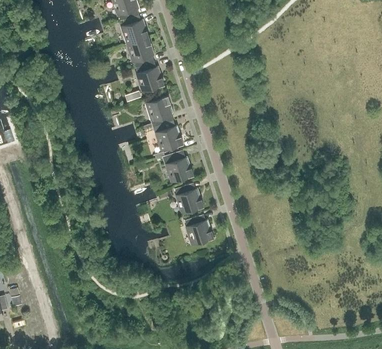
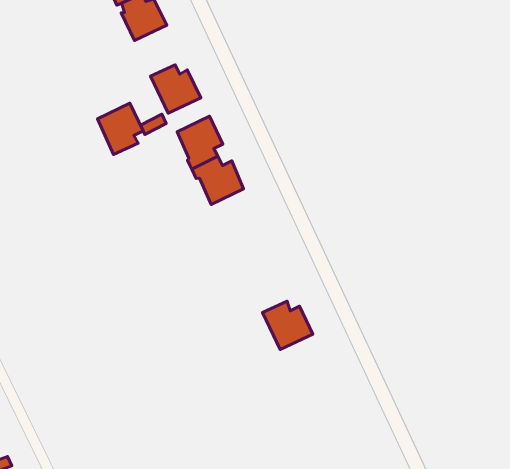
building: [127,37,154,67] -> [97,103,143,154]
building: [161,151,193,182] -> none
building: [174,184,203,213] -> none

